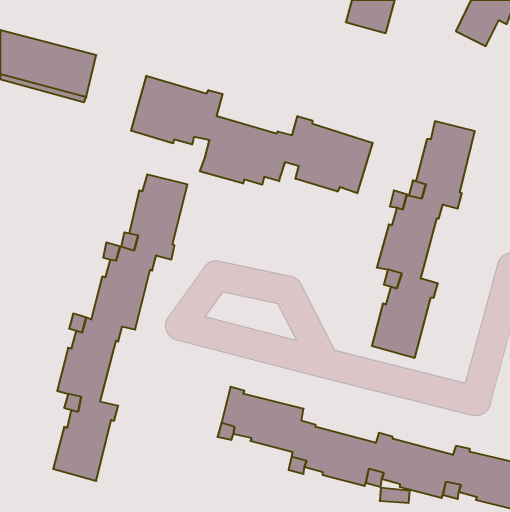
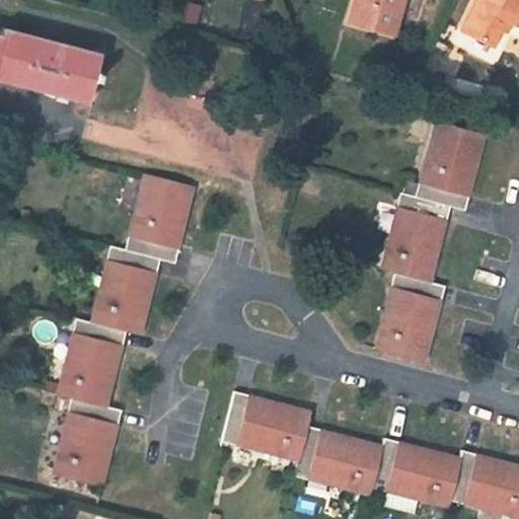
building: [131,76,373,193] -> none

